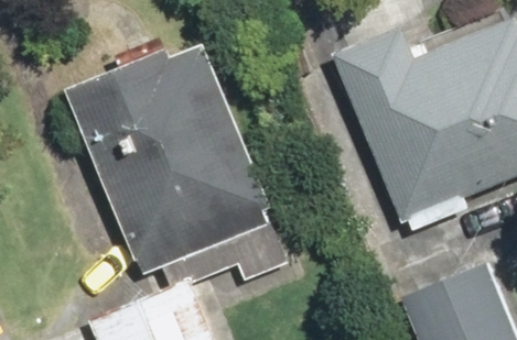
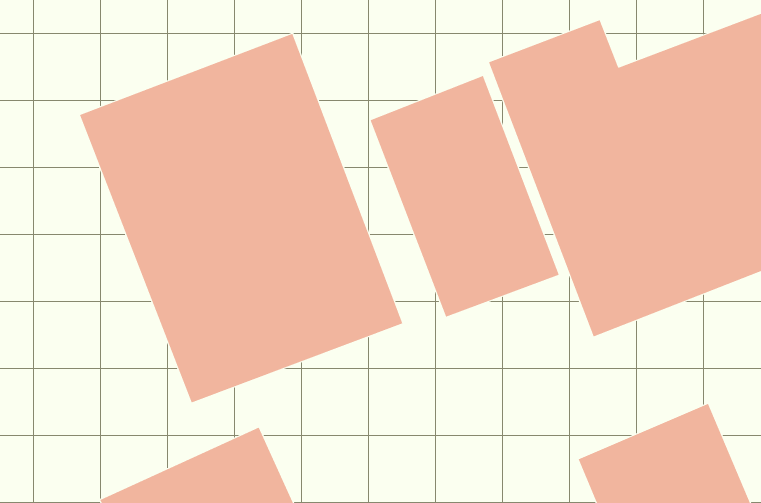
building: none -> [370,75,559,317]

